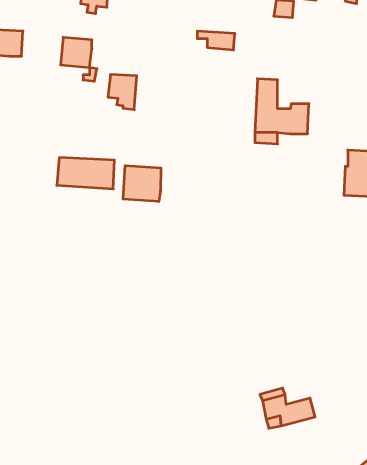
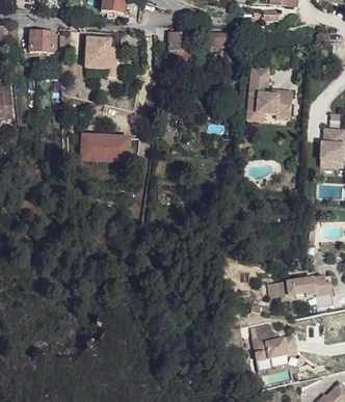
building: [108,75,137,110] -> [167,31,191,60]
building: [123,166,161,202] -> none
building: none -> [276,274,329,298]

